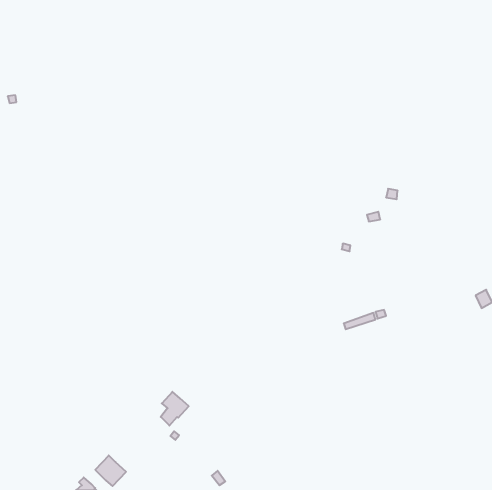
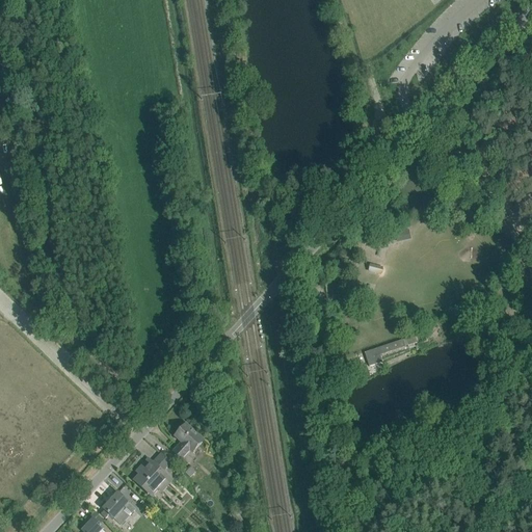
building: none -> [135,461,167,495]

